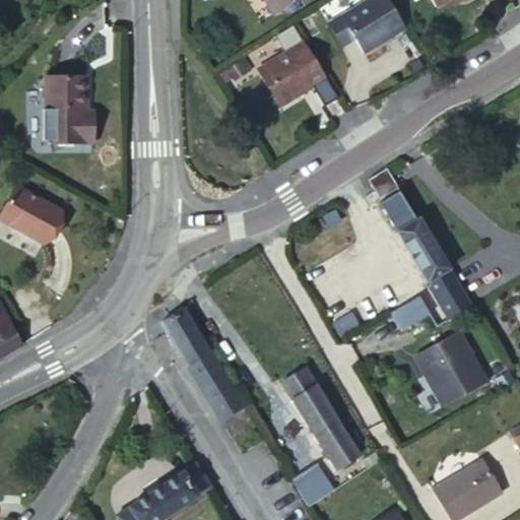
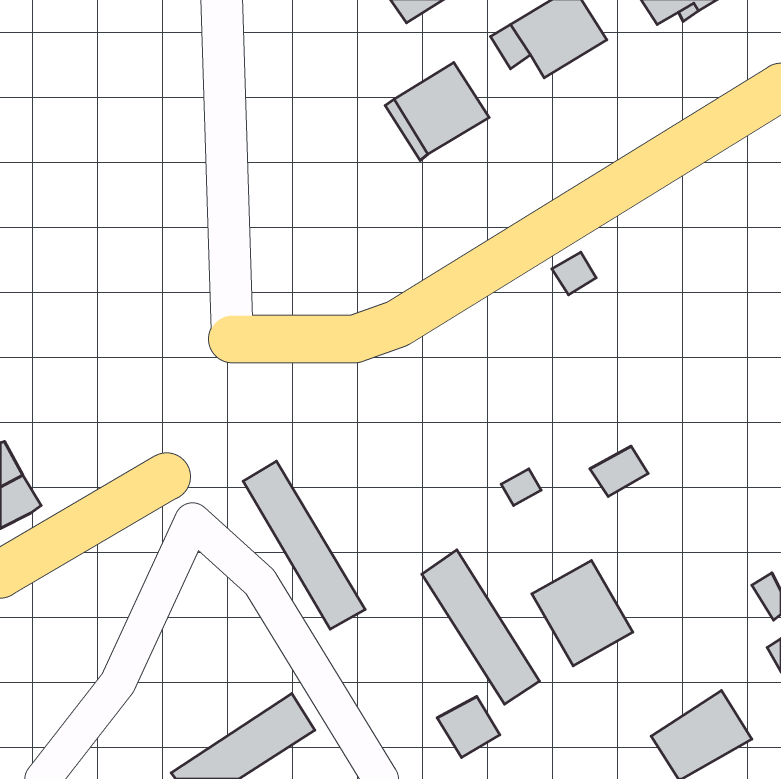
building: [47,77,98,144] -> none
building: [6,189,69,246] -> none
building: [381,190,470,317] -> none
building: [419,332,486,402] -> [532,560,633,666]

